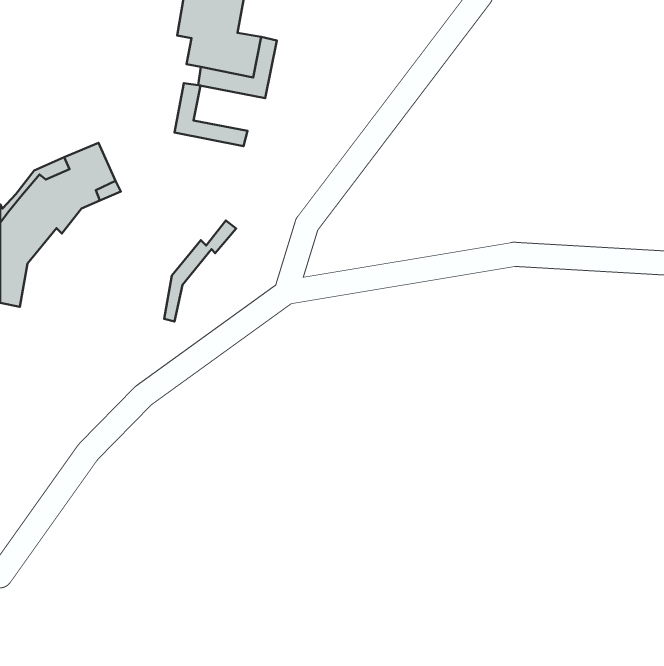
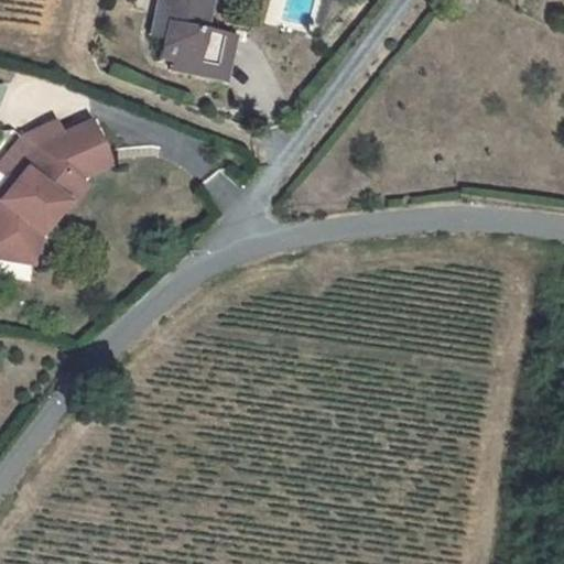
building: [175,83,247,146] -> none
building: [164,220,236,321] -> [22,175,83,260]

